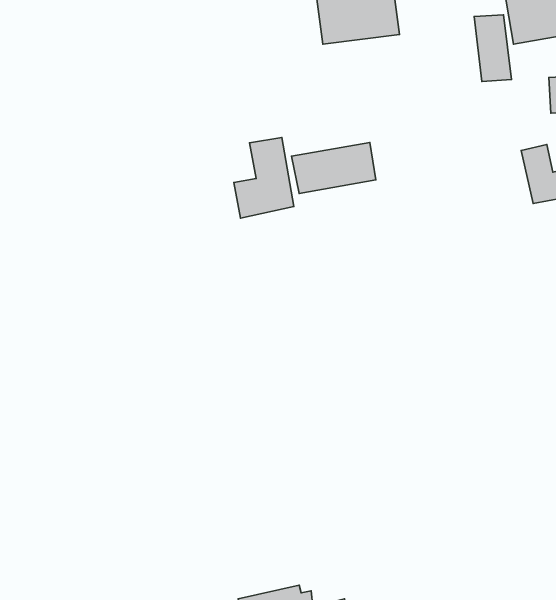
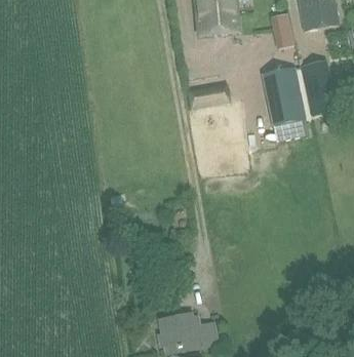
building: none -> [260,64,306,124]
building: [234,138,294,218] -> none

